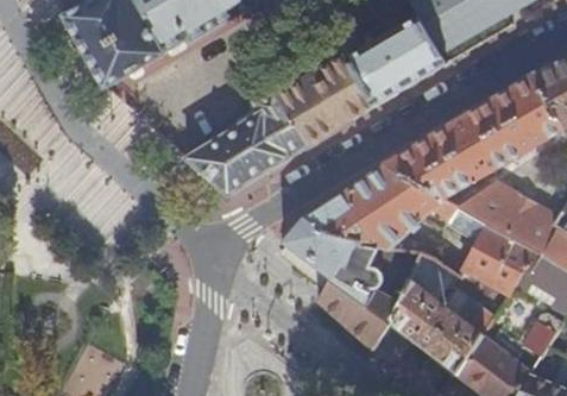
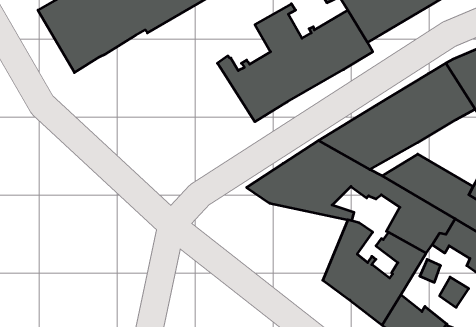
building: [187,87,311,194] -> none
building: [283,218,417,348] -> none

